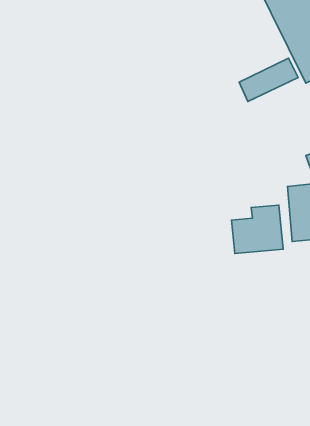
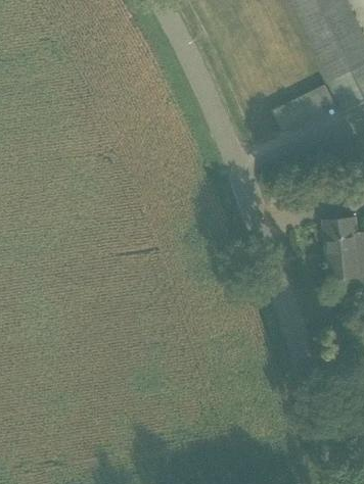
building: [232,205,283,253] -> none

